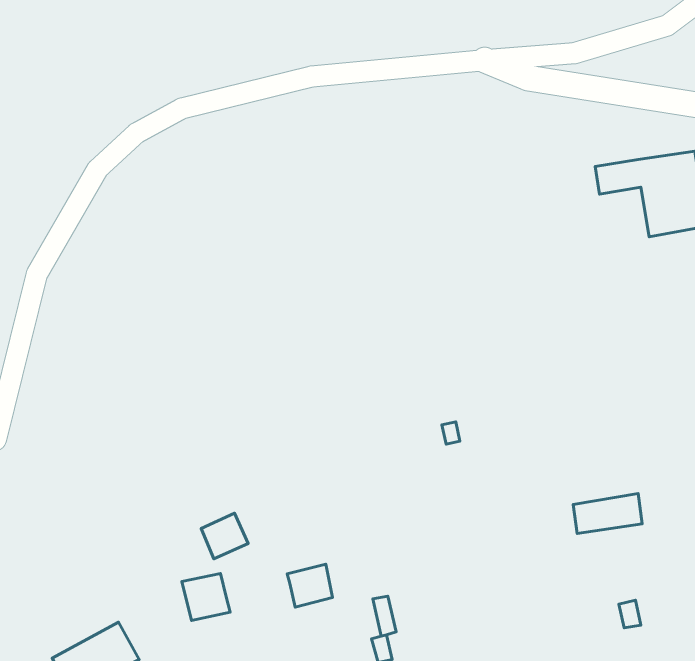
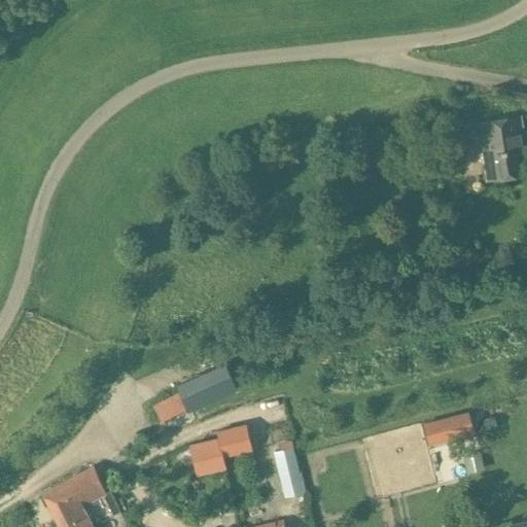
building: none -> [189,366,233,406]
building: [573,494,642,534] -> [425,414,477,444]
building: [182,573,230,620] -> [190,441,226,476]

